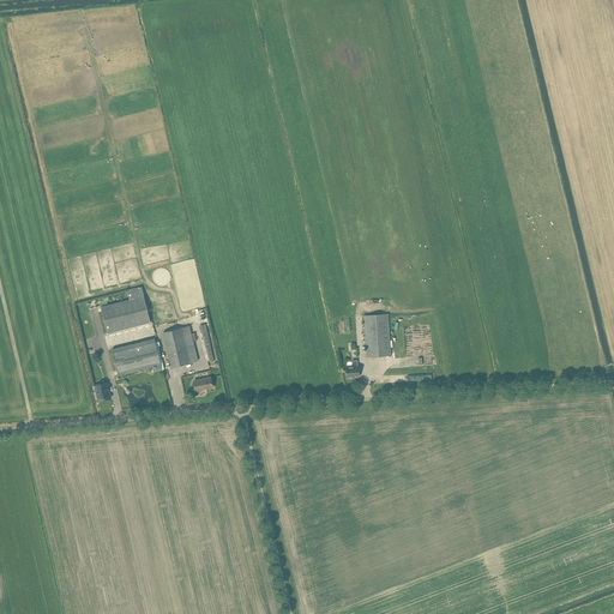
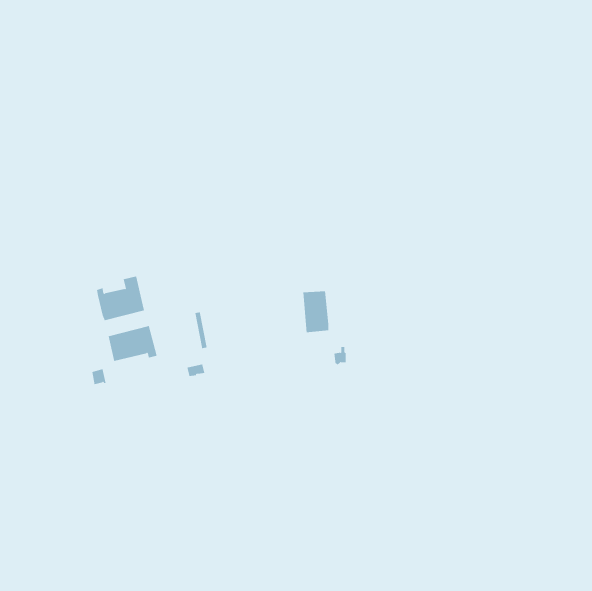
building: [363,313,391,356] -> [303,291,329,333]
building: [163,325,198,366] -> none

